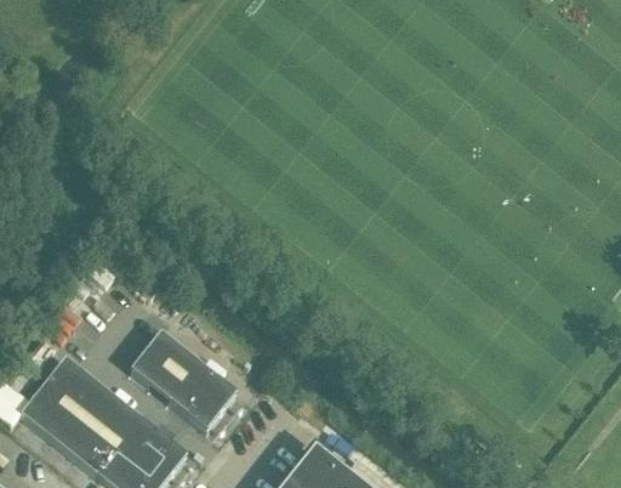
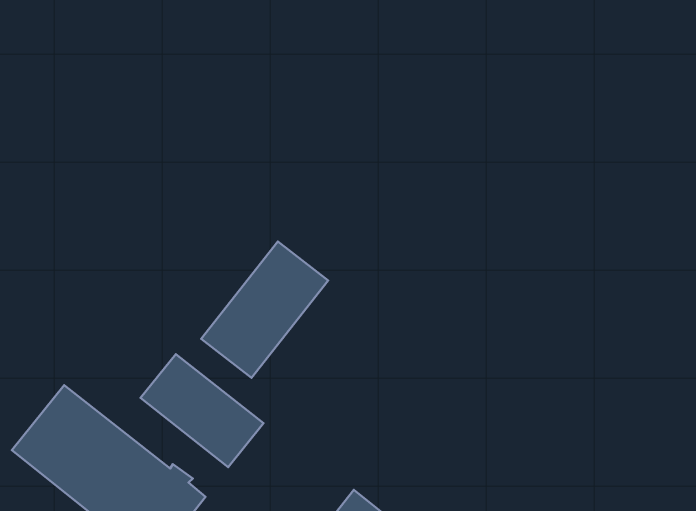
building: none -> [201,242,328,378]

